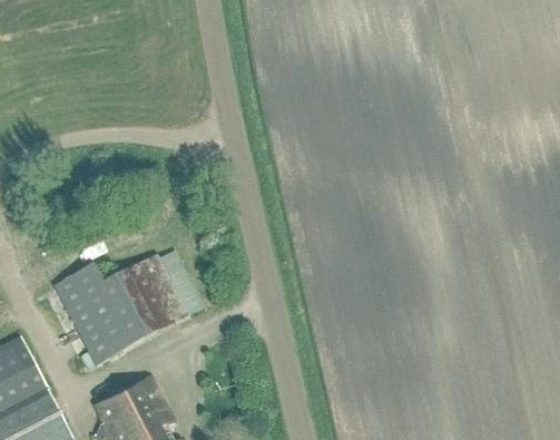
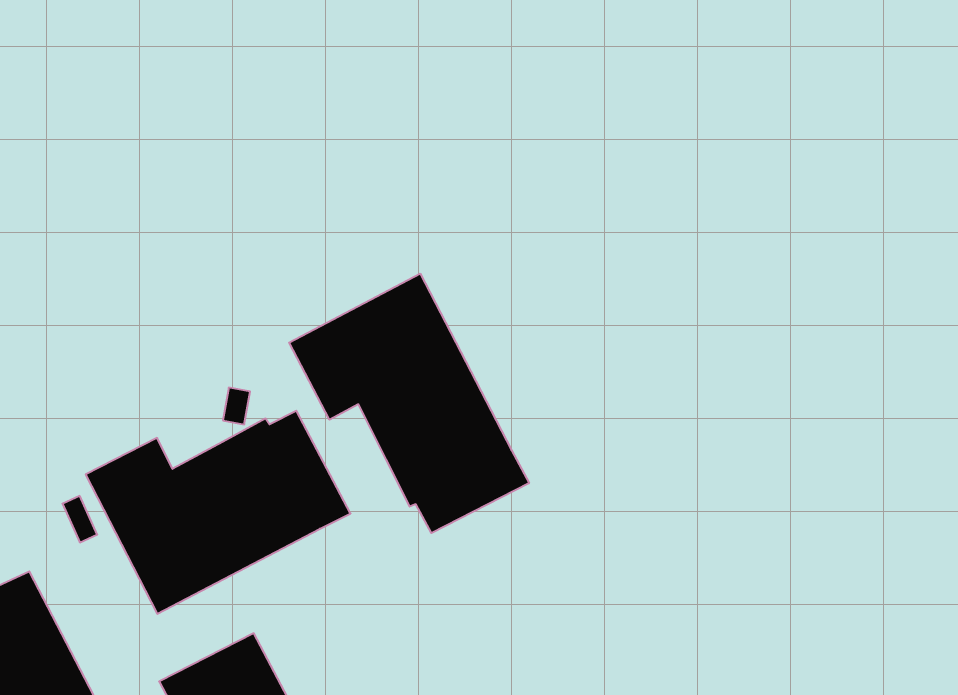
building: none -> [289,274,529,533]

